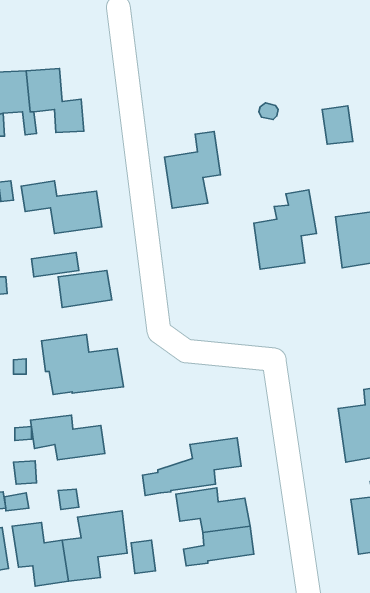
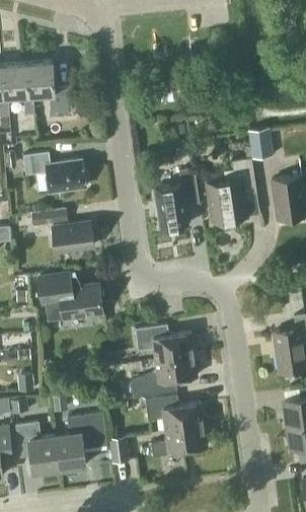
building: [322,106,353,144] -> [248,128,273,158]
building: [164,131,221,208] -> [154,168,199,229]
building: [31,415,105,460] -> [135,324,194,360]

